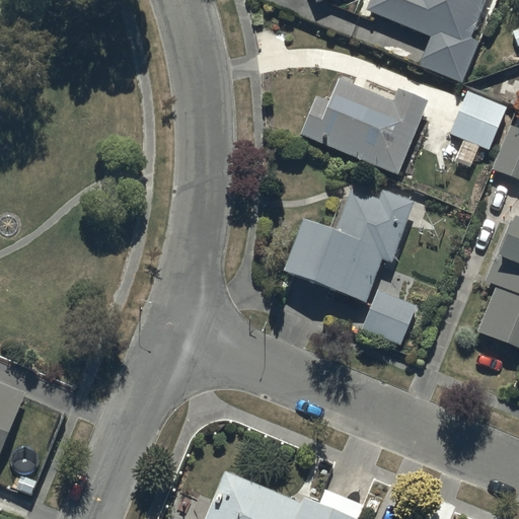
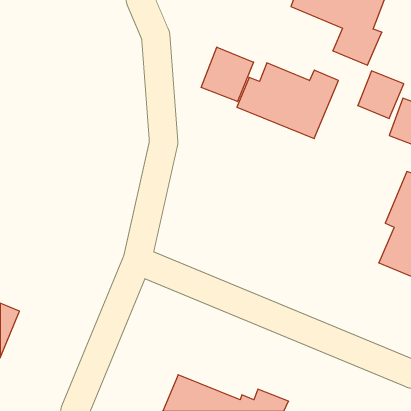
building: none -> [201,47,254,102]
building: [282,189,413,304] -> none
building: [360,289,418,346] -> none

